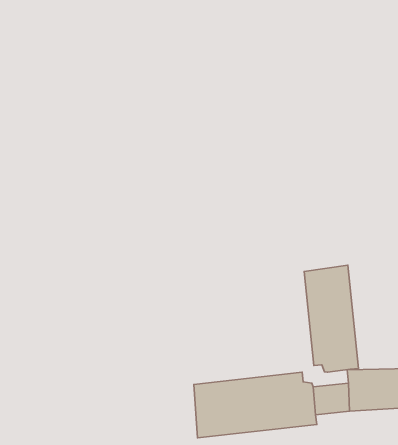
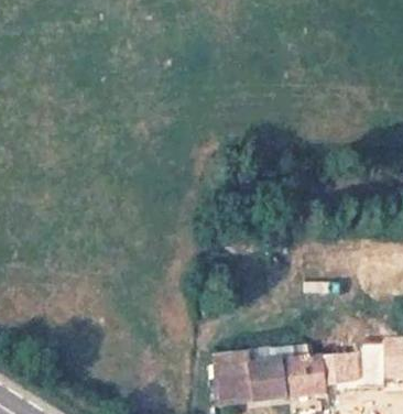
building: [304,265,359,372] -> none

